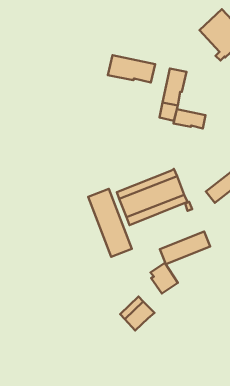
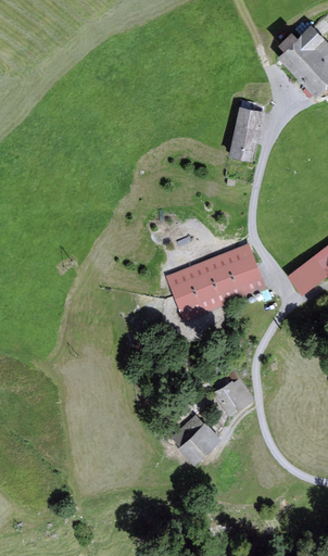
building: [108,55,155,83] -> none
building: [173,109,205,128] -> none
building: [88,189,132,257] -> none
building: [160,231,210,264] -> none

